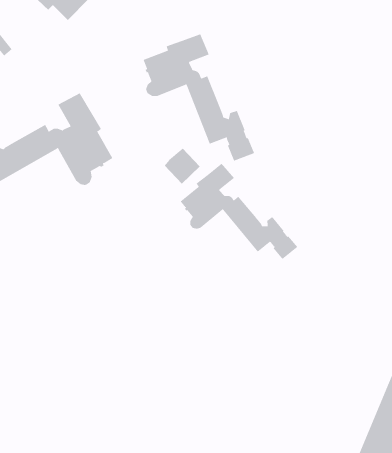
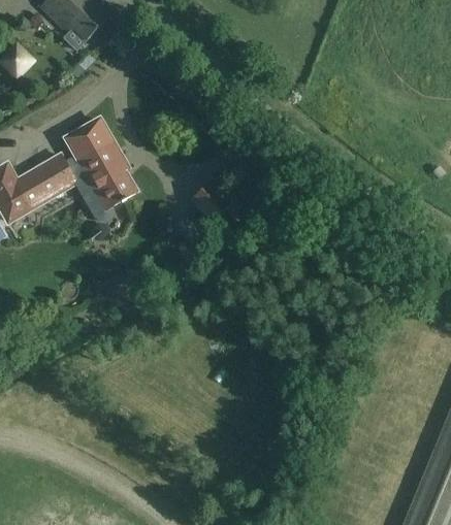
building: [143,33,255,161] -> none
building: [180,163,298,260] -> none

